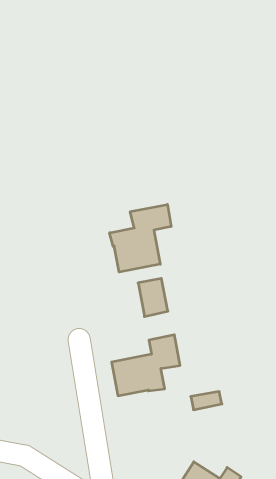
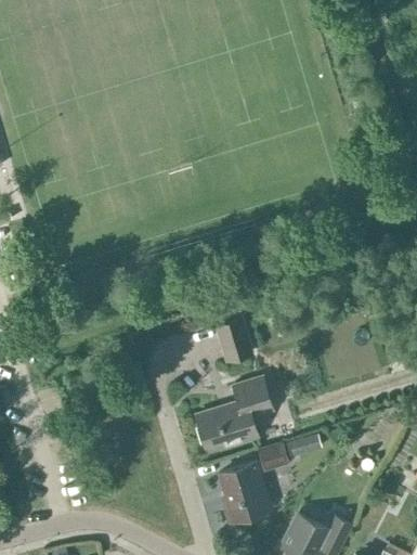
building: [110,204,171,272] -> none
building: none -> [219,441,288,521]

